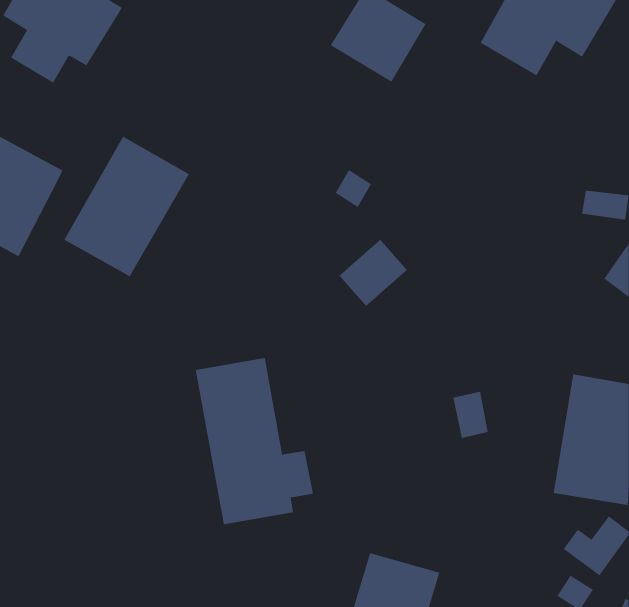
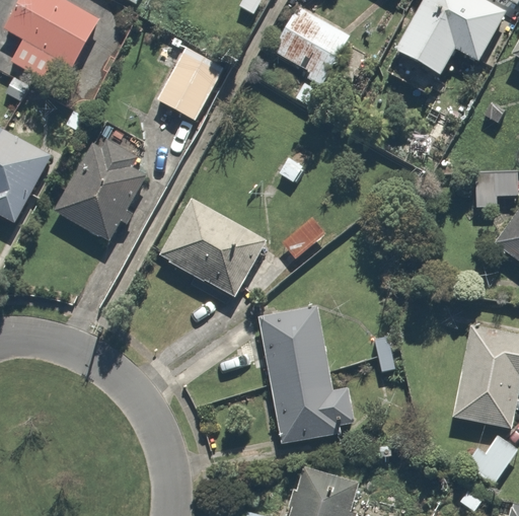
building: none -> [155,46,225,122]
building: none -> [161,198,265,297]
building: [195,358,314,525] -> [258,308,356,445]

